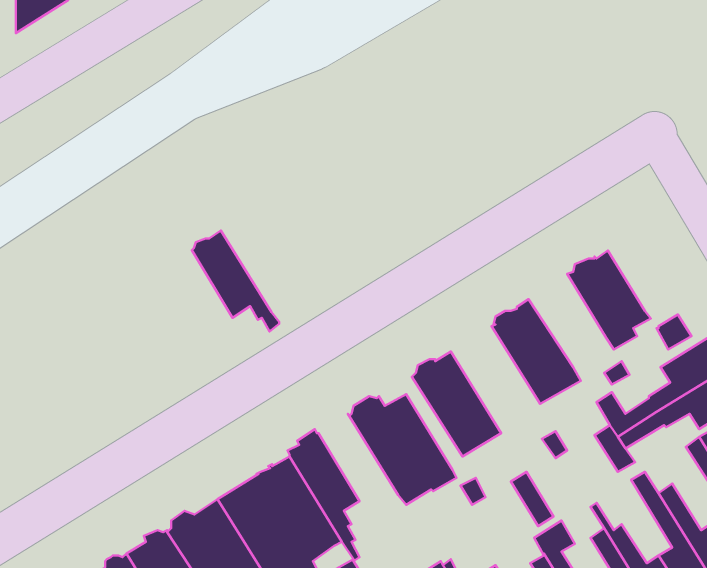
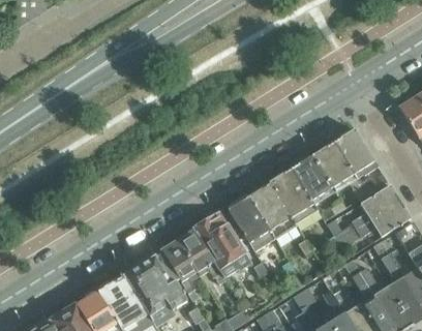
building: none -> [332,128,374,174]
building: [192,231,279,332] -> [178,229,224,282]
building: none -> [290,154,331,204]
building: none -> [248,182,297,239]

